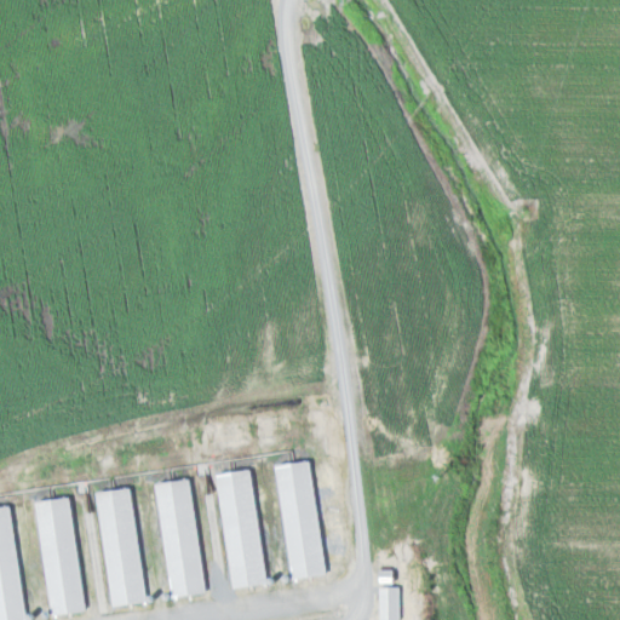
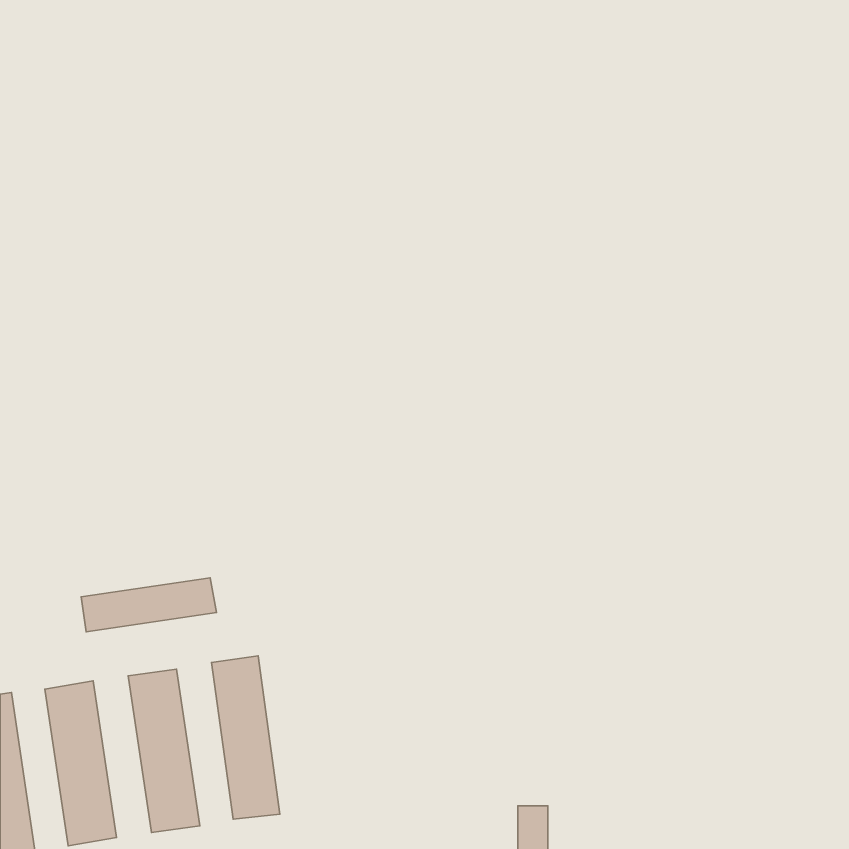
building: none -> [81,578,217,632]
building: [275,461,326,579] -> none
building: [217,470,265,589] -> none

